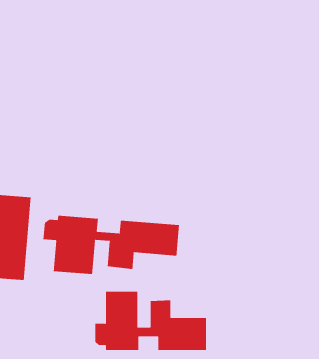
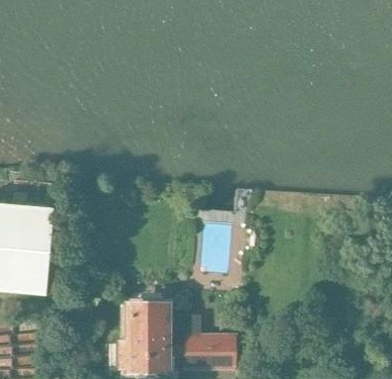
building: [43,215,180,275] -> none

